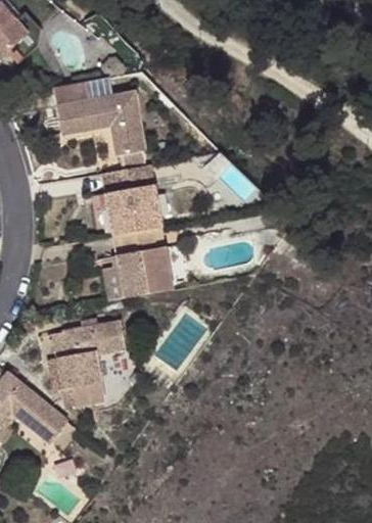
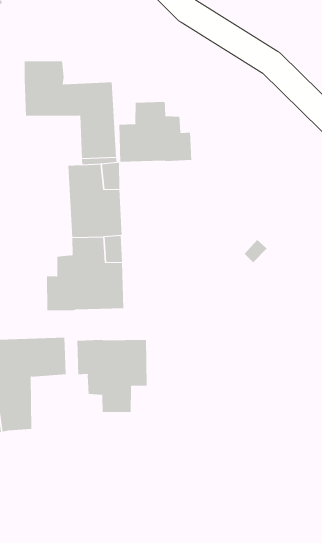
building: none -> [119,101,192,163]
building: none -> [77,339,147,413]

